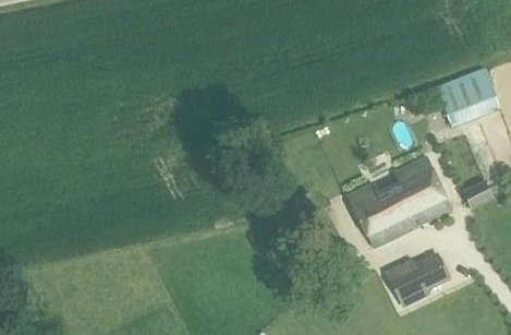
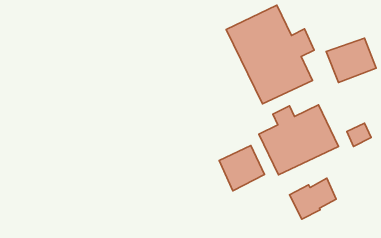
building: none -> [226,5,314,104]
building: none -> [219,145,264,191]

